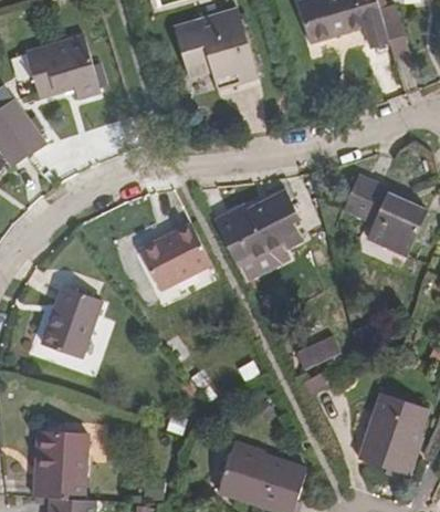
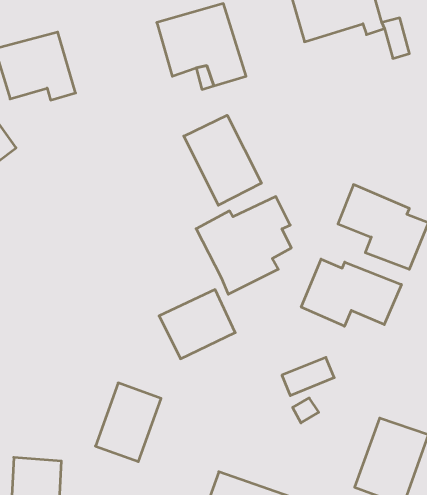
building: none -> [184,115,261,205]
building: [140,223,211,288] -> [159,290,235,359]
building: none -> [301,259,401,326]
building: [42,285,103,358] -> [95,383,161,462]

